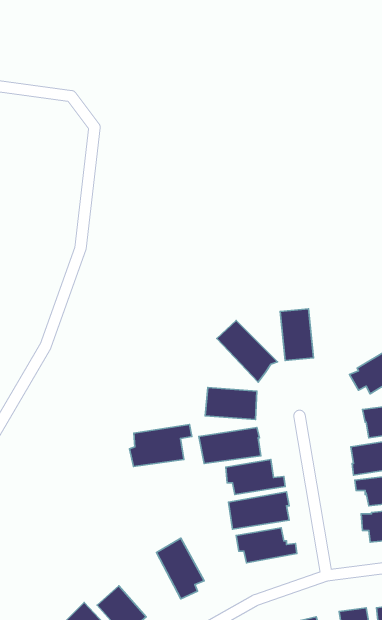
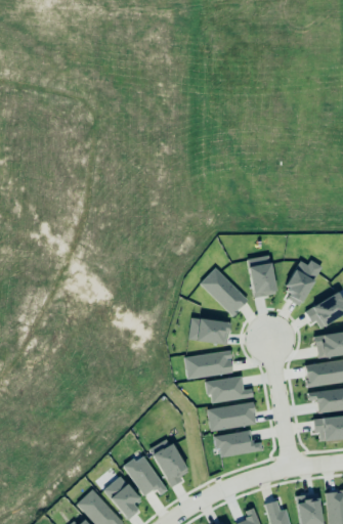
building: none -> [286,260,323,305]
building: [129,425,192,466] -> none
building: none -> [126,454,166,496]

